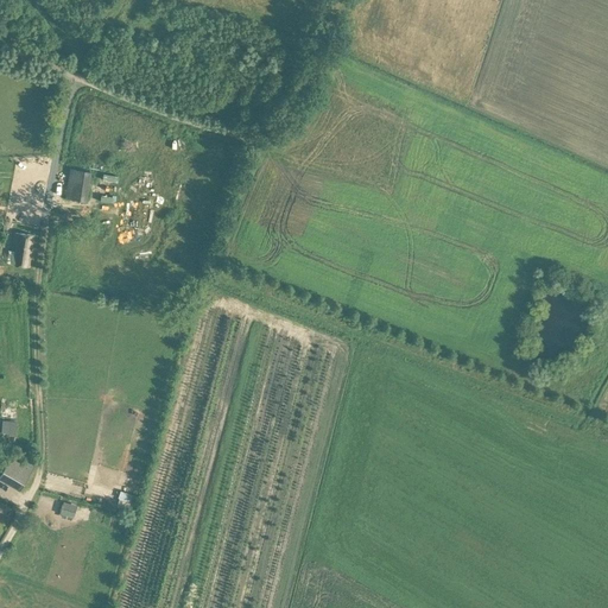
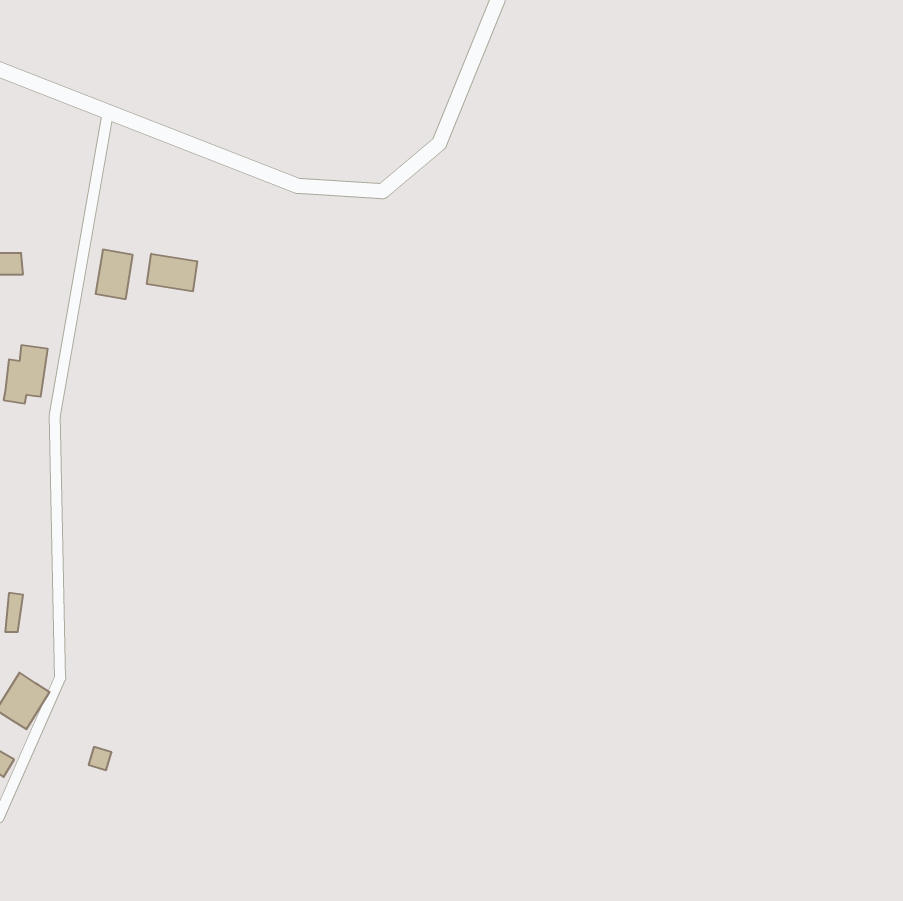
building: none -> [147,254,197,291]

